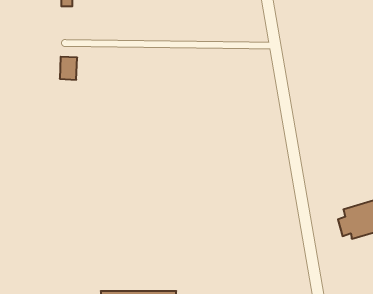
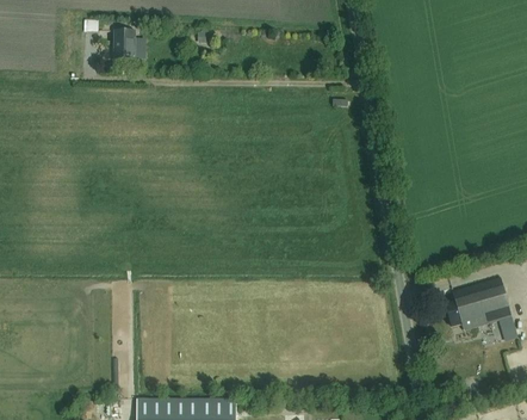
building: [60,57,77,80] -> [113,31,136,61]

